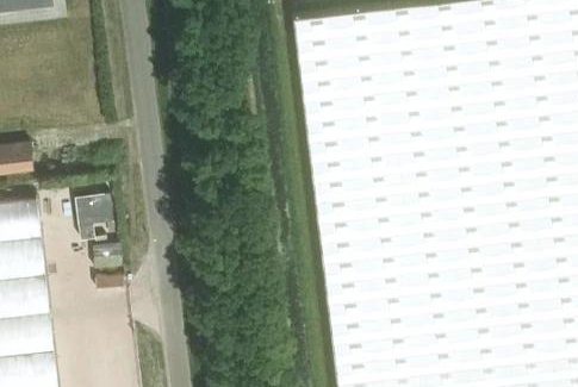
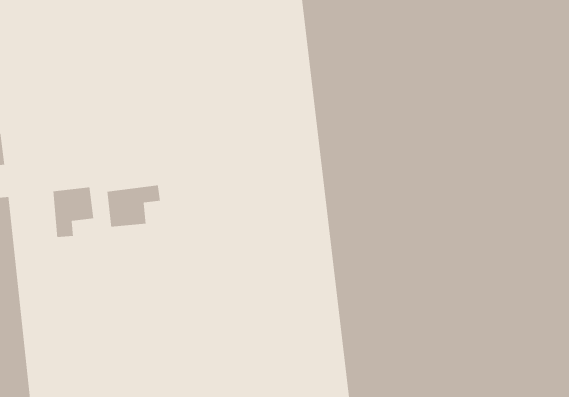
building: none -> [106,185,161,227]

